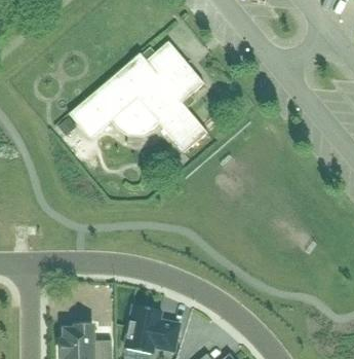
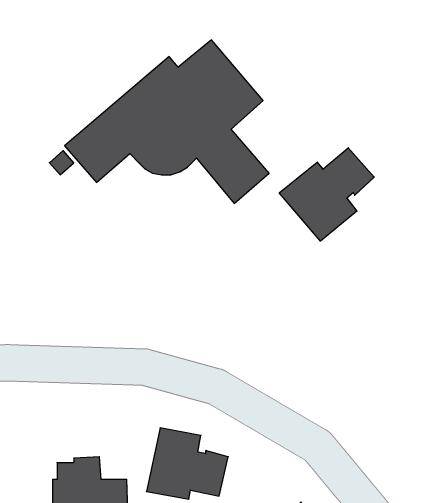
building: none -> [279,148,374,241]

